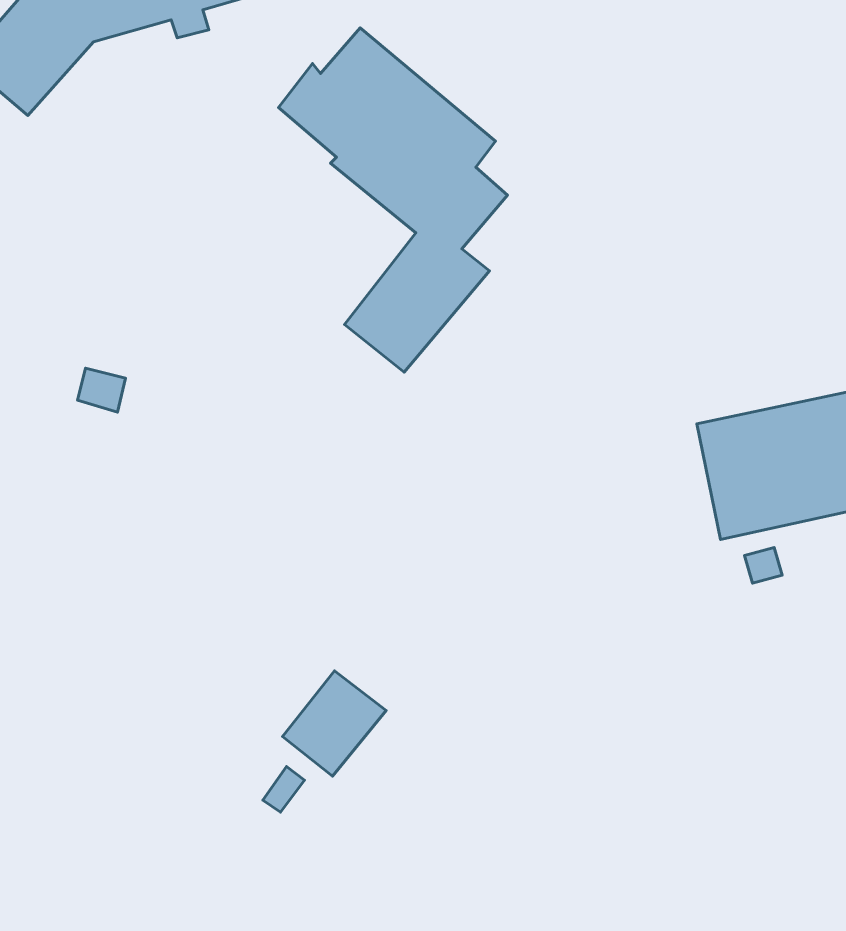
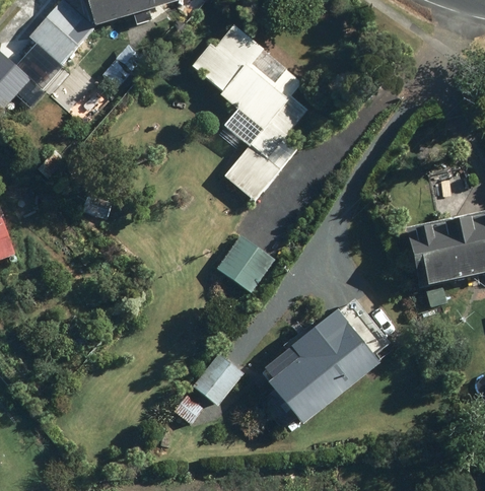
building: none -> [216,236,274,292]
building: none -> [263,308,374,424]

